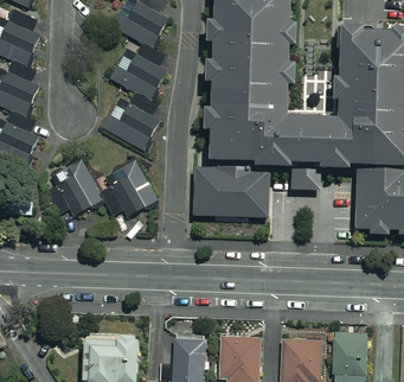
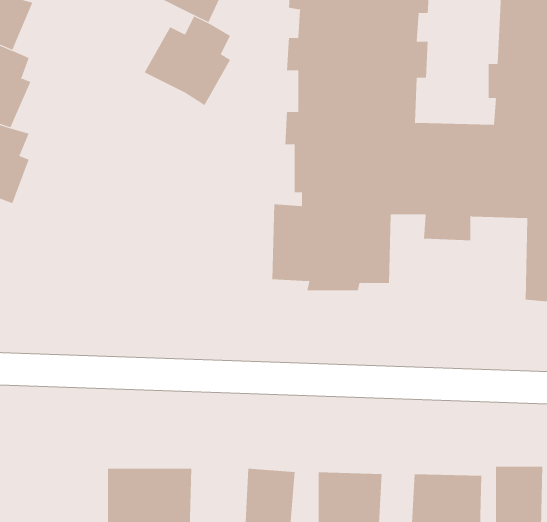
building: [103,93,159,149] -> none
building: [110,161,158,217] -> none
building: [50,170,102,219] -> none

